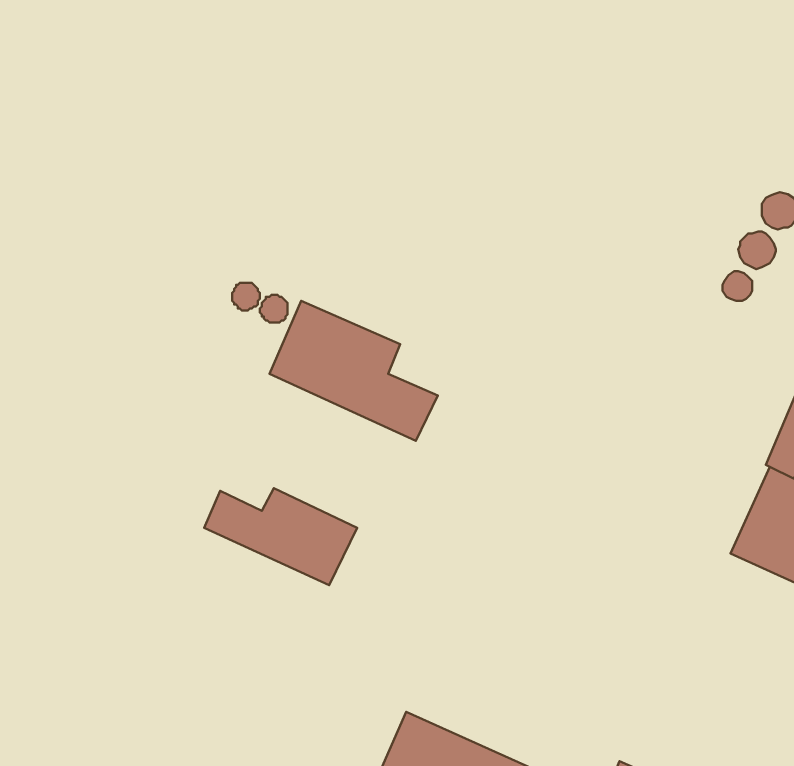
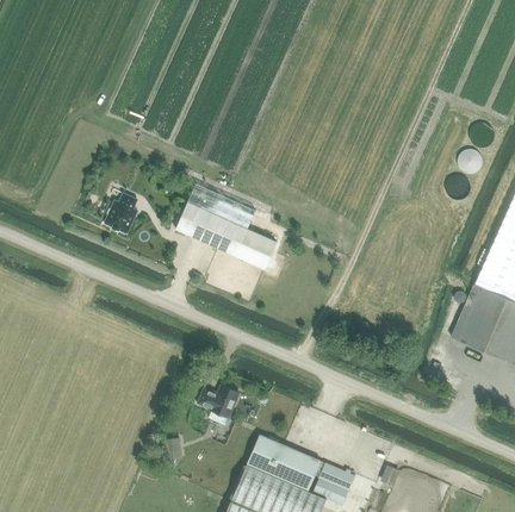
building: none -> [105,194,138,235]
building: [204,488,357,585] -> none
building: none -> [198,386,238,418]

